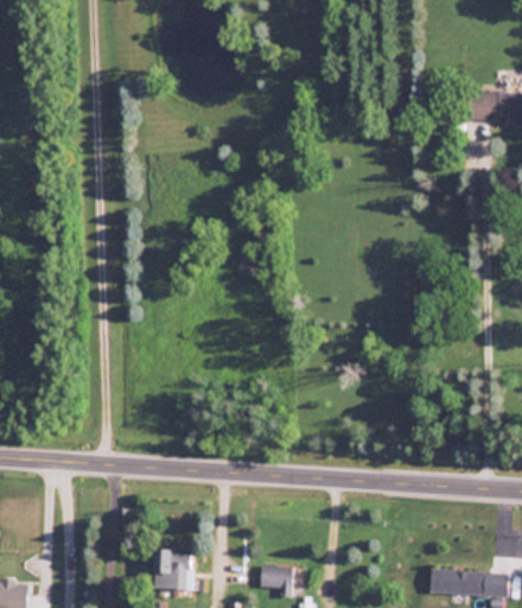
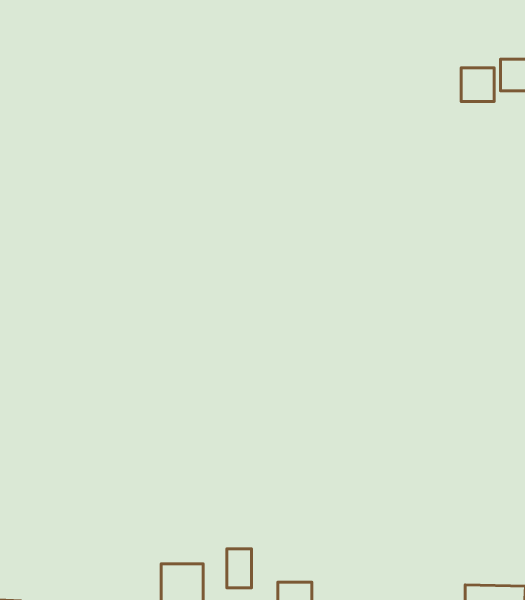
building: none -> [461,68,494,102]
building: none -> [227,549,252,588]

